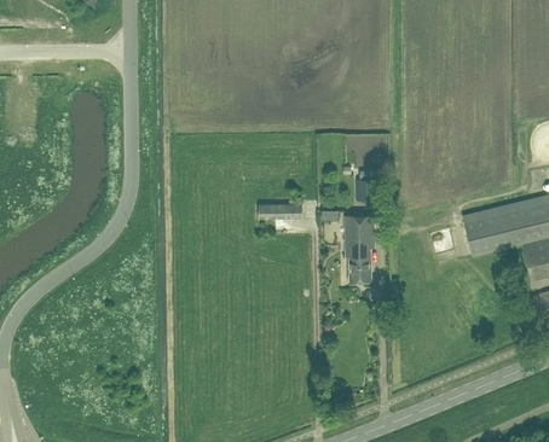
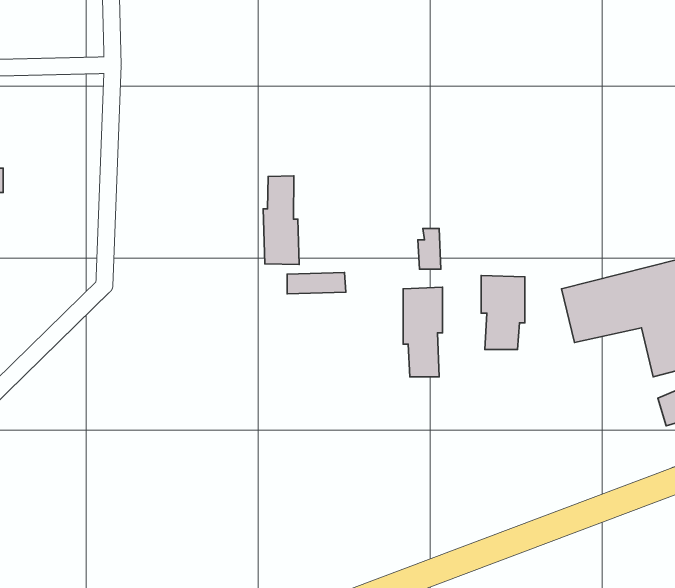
building: none -> [263,176,299,264]
building: none -> [481,276,525,350]

